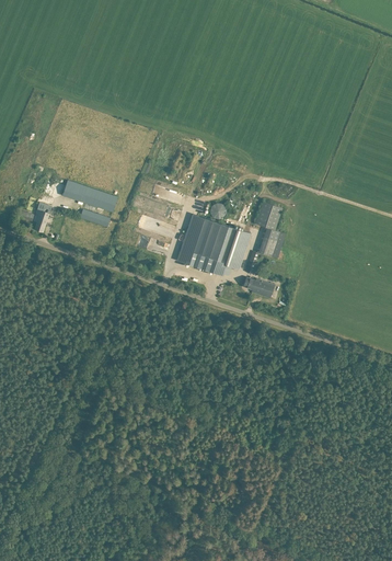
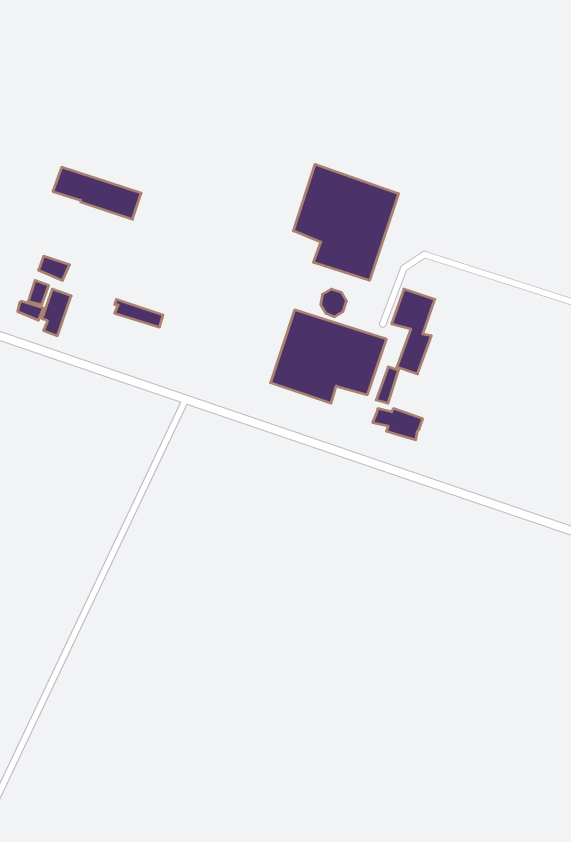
building: none -> [293,164,398,280]
building: [61,180,117,213] -> [53,167,141,219]

